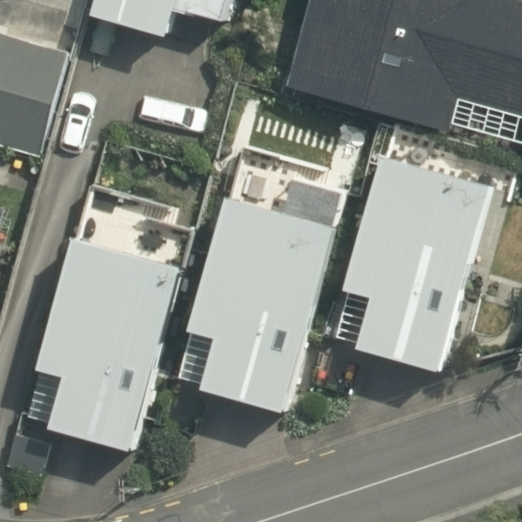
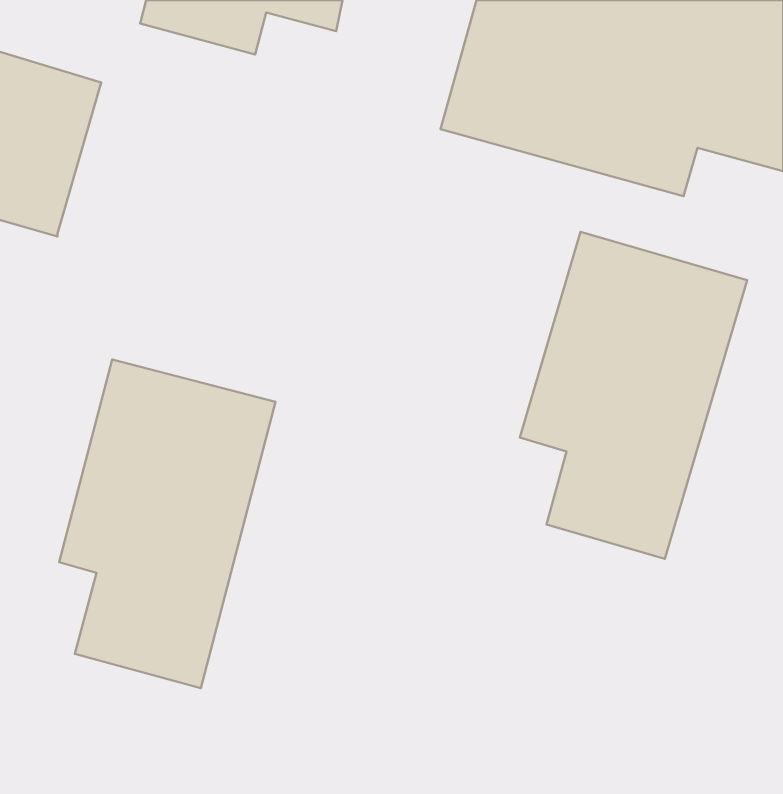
building: [189,194,335,412] -> none

